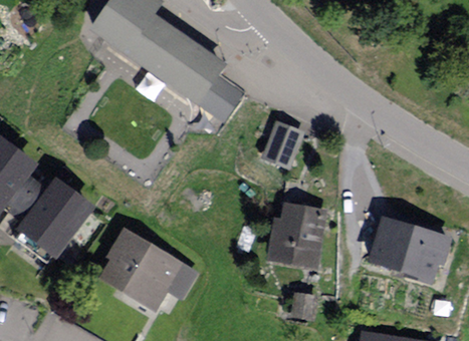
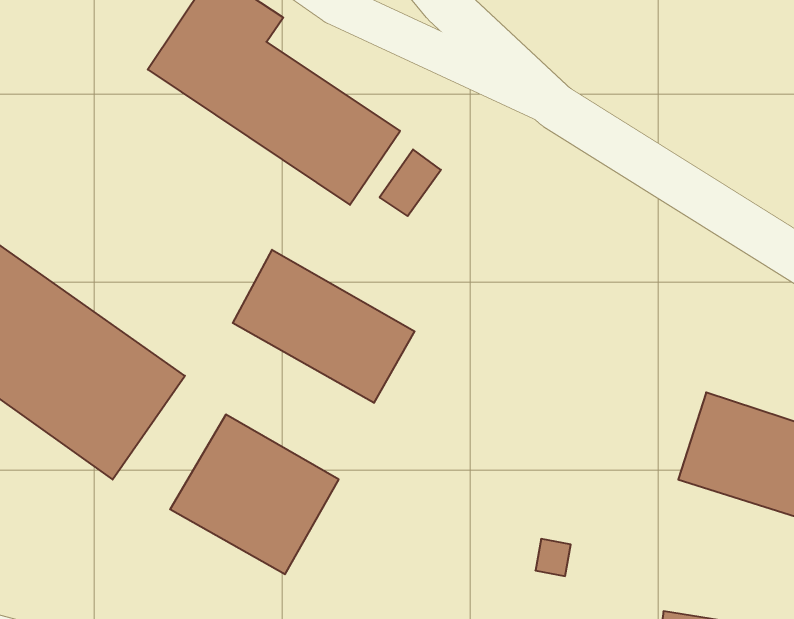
building: [263,113,300,157] -> none
building: none -> [233,250,415,403]
building: [268,201,327,269] -> none

